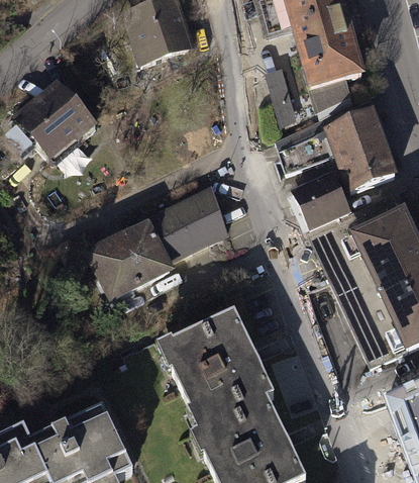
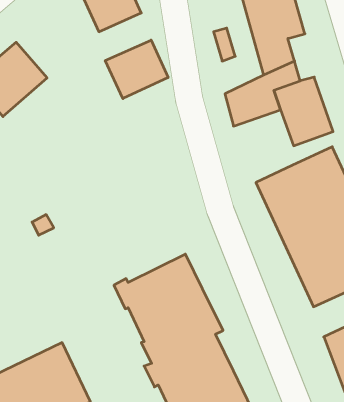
building: none -> [105,40,168,99]
building: [296,177,351,234] -> none
building: [84,184,231,302] -> none

